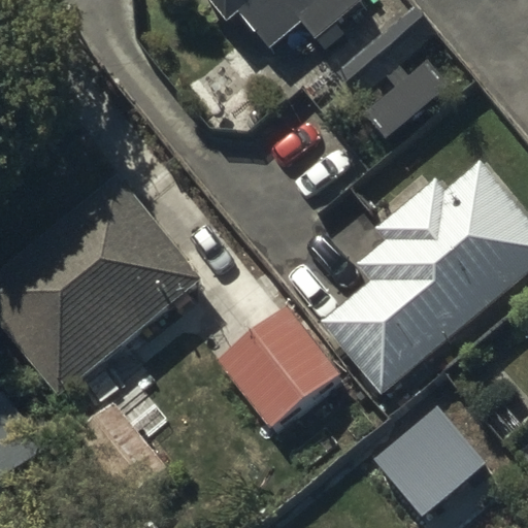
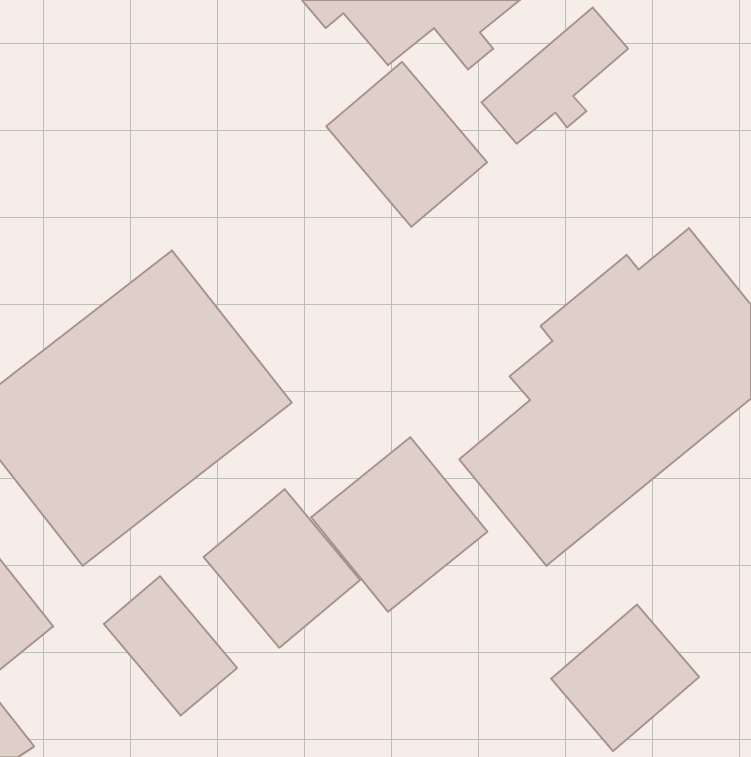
building: none -> [326,62,487,227]
building: none -> [204,489,360,648]

